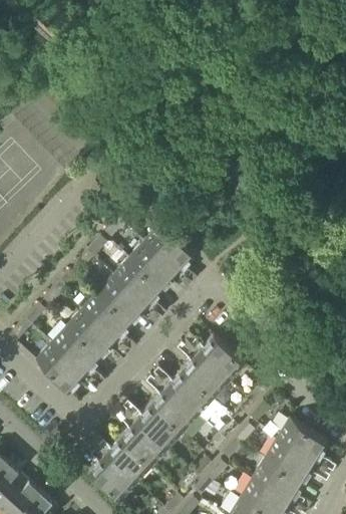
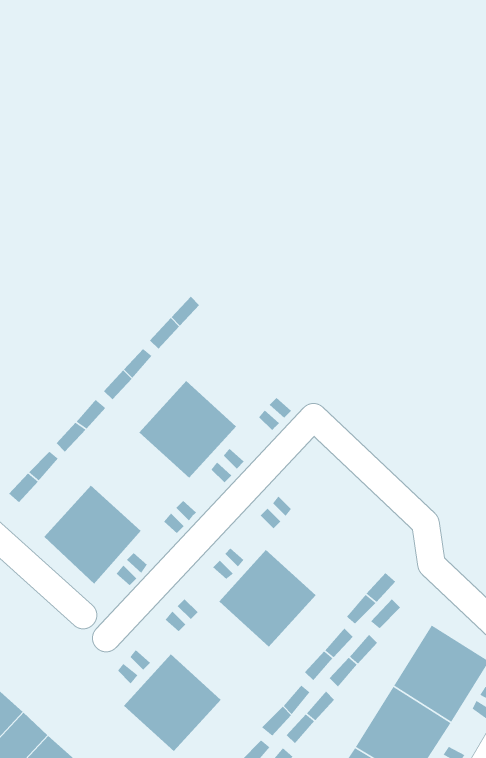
building: [127,225,193,289] -> none
building: [65,293,129,357] -> none
building: [180,335,244,400] -> none
building: [117,404,182,468] -> none

